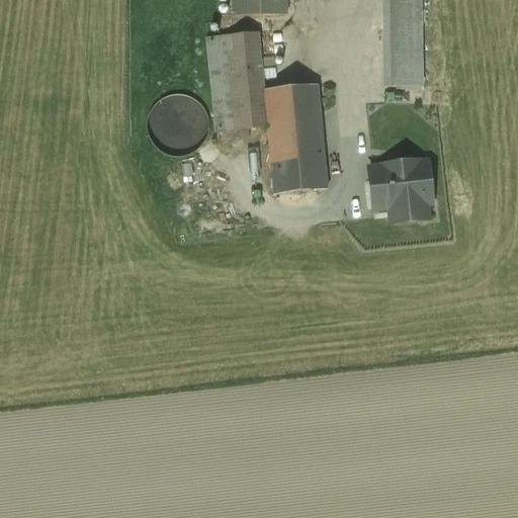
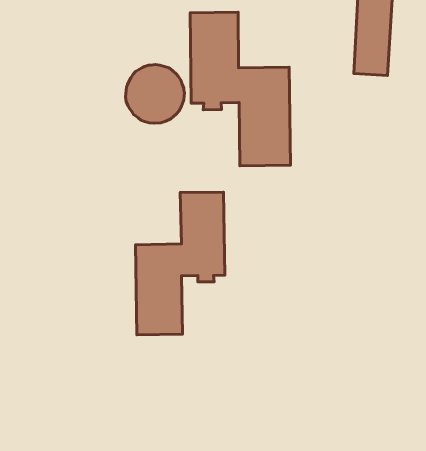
building: [369,158,432,221] -> none
building: none -> [136,192,225,335]

